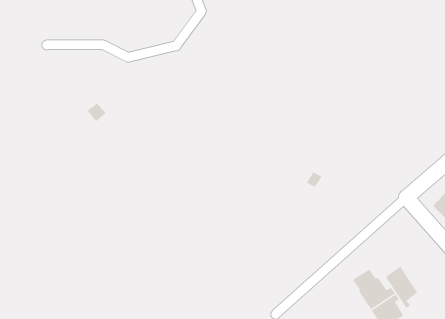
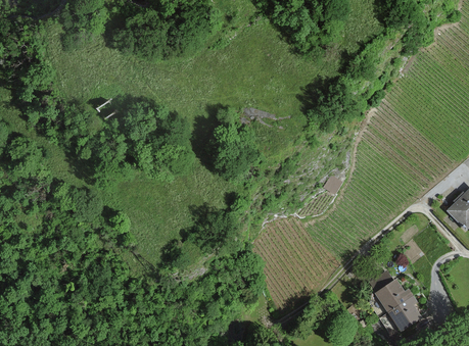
building: [385,265,418,309] -> none

